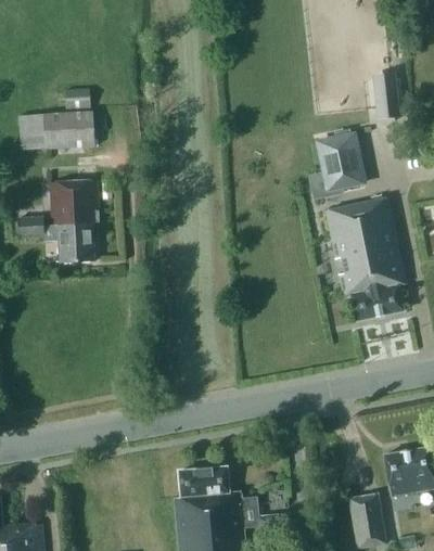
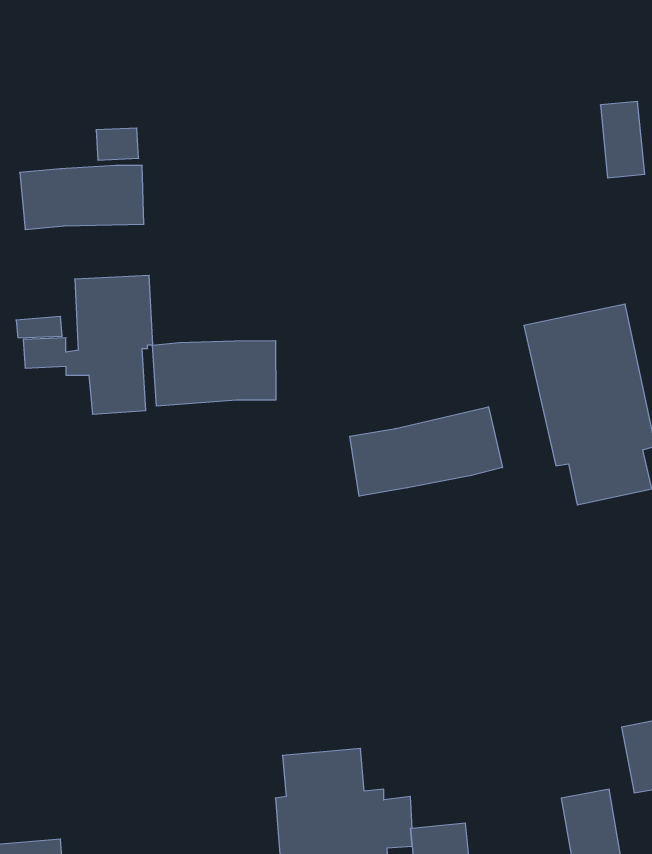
building: [312,130,371,198] -> none
building: none -> [153,341,276,406]
building: none -> [350,407,502,496]

